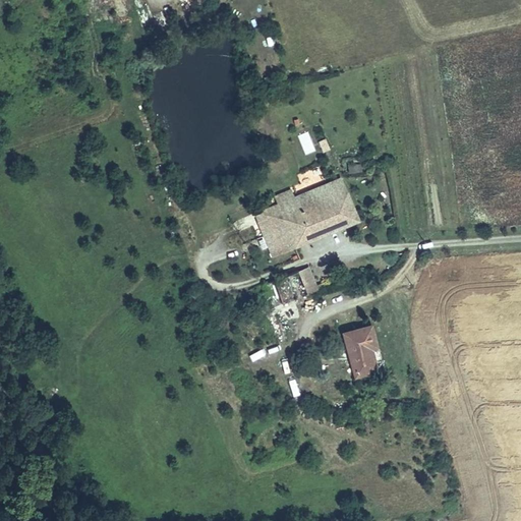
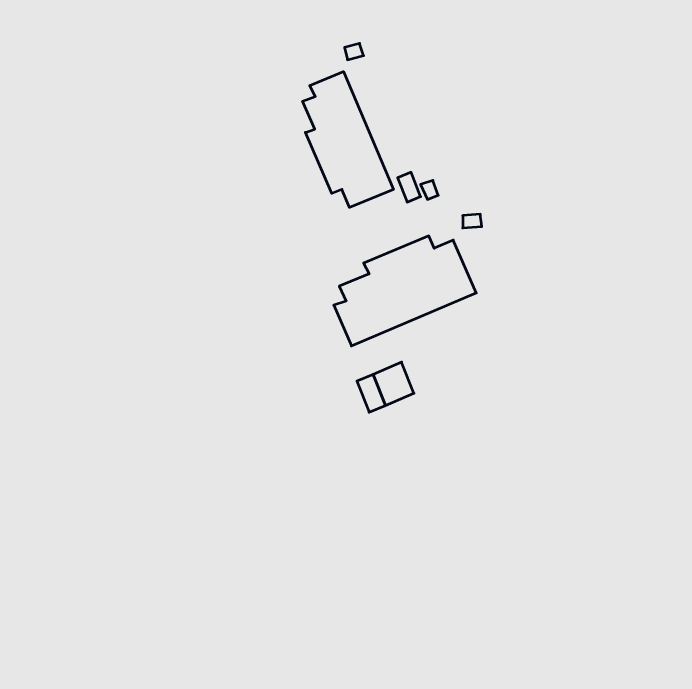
building: none -> [303,72,393,207]
building: [346,324,380,374] -> none

